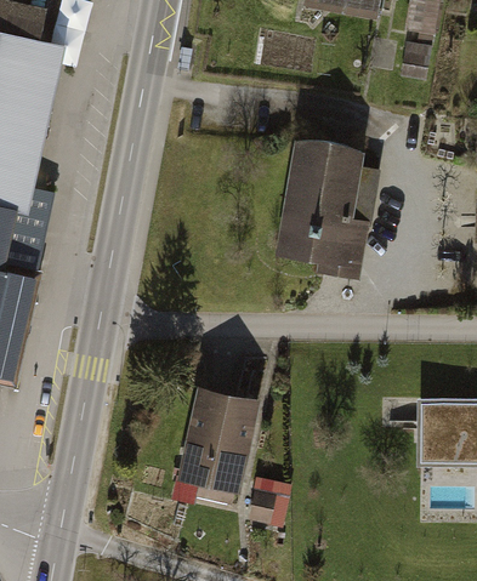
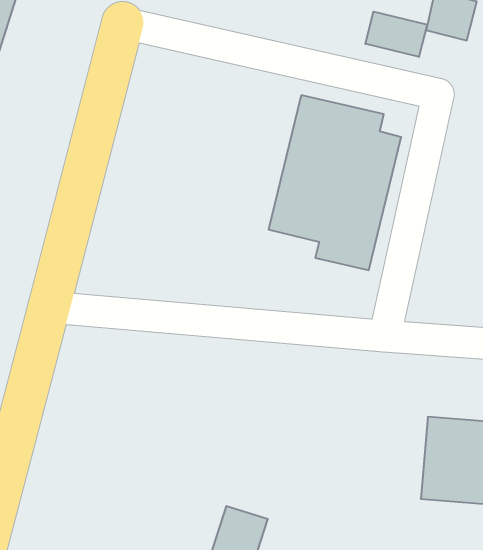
building: none -> [365,12,427,57]
building: [176,388,257,503] -> none

